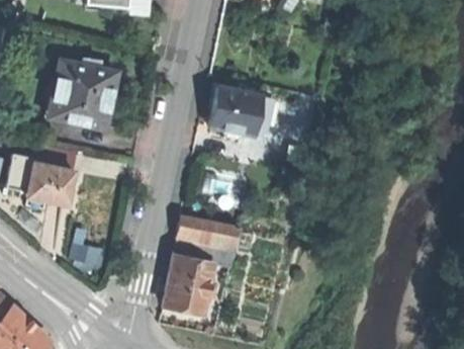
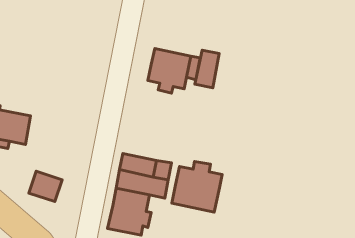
building: [48,59,115,127] -> none
building: none -> [195,50,219,88]
building: none -> [172,161,222,212]

